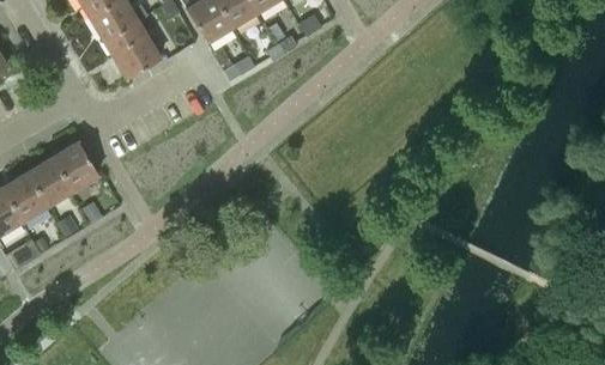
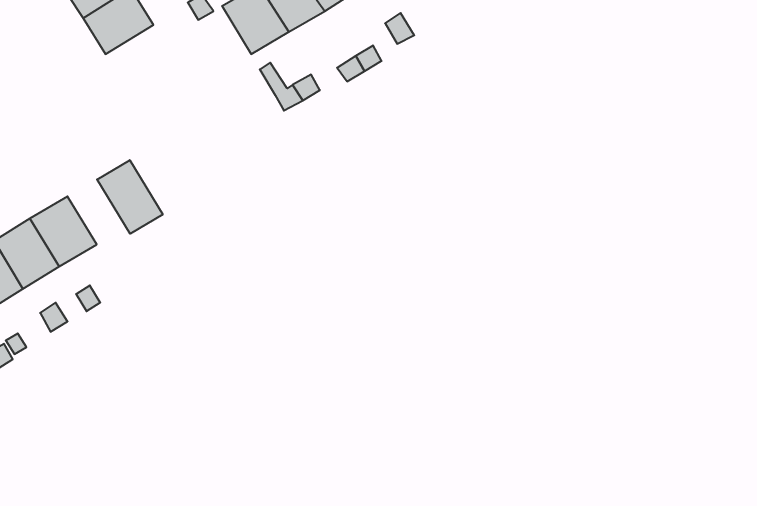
building: [104,22,161,78] -> none
building: none -> [97,160,163,234]

